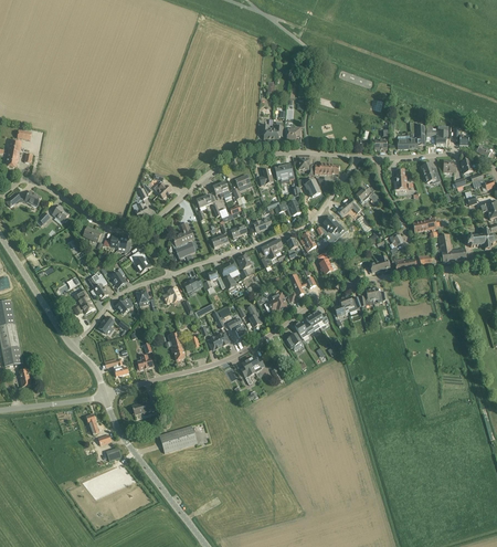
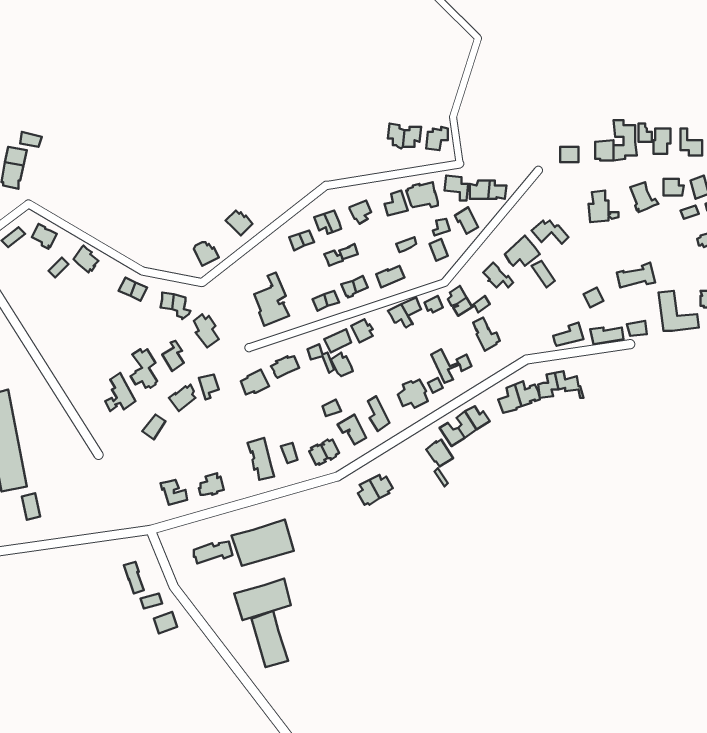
building: none -> [231,520,294,566]
building: none -> [251,611,288,667]

